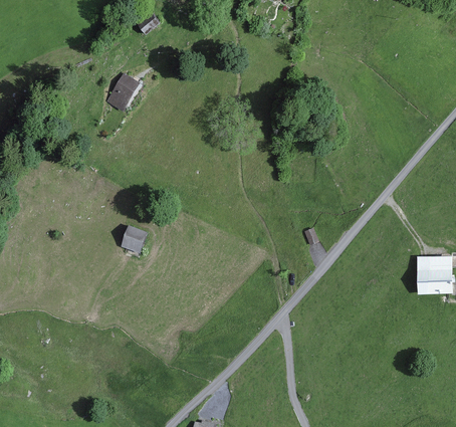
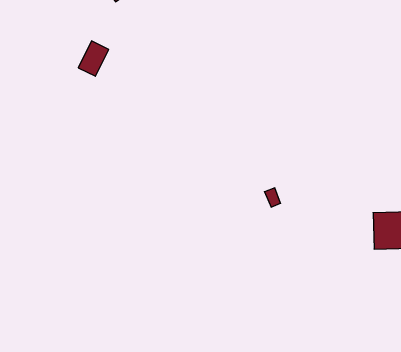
building: [121,227,147,254] -> none

